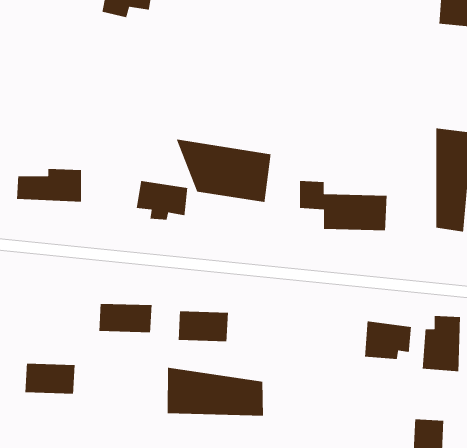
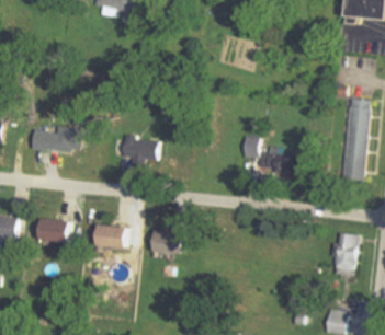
building: [176,138,272,203] -> none
building: [364,321,412,360] -> none
building: [25,363,75,394] -> [34,218,71,241]
building: [167,367,264,417] -> none

